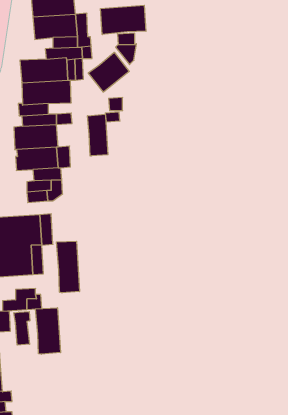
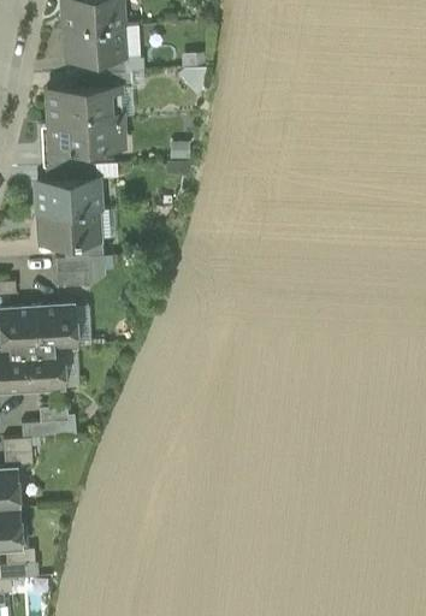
building: [101,5,146,35] -> none
building: [88,52,129,92] -> none
building: [88,114,108,156] -> none
building: [57,241,79,293] -> none
building: [35,308,61,354] -> none
building: [14,312,30,345] -> none

